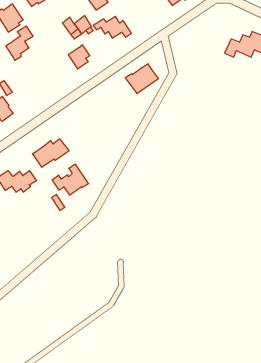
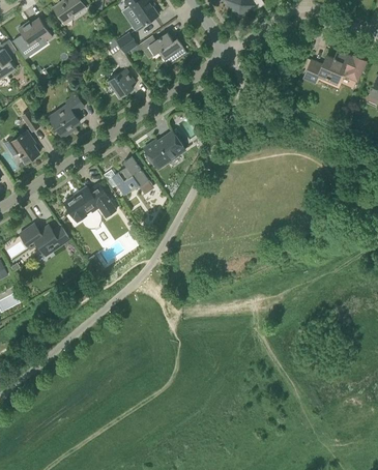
building: [6,26,33,60] -> [51,94,85,137]
building: [125,64,158,94] -> [144,130,185,168]
building: [52,164,89,195] -> [104,156,149,195]

